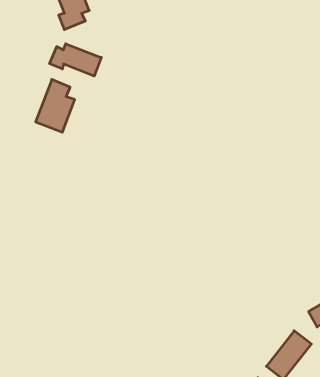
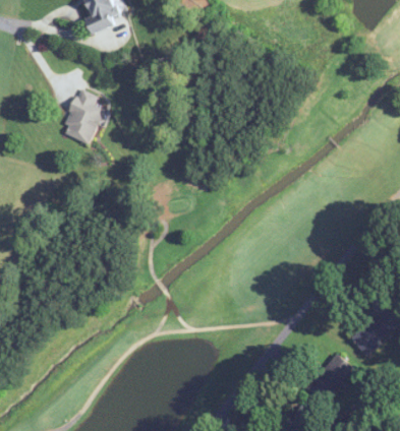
building: [50,44,101,76] -> none

